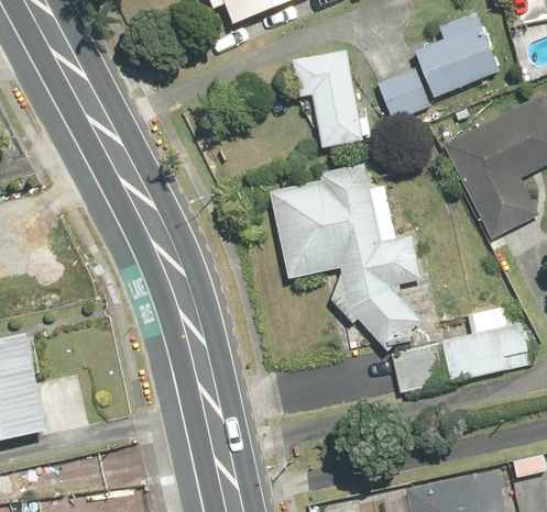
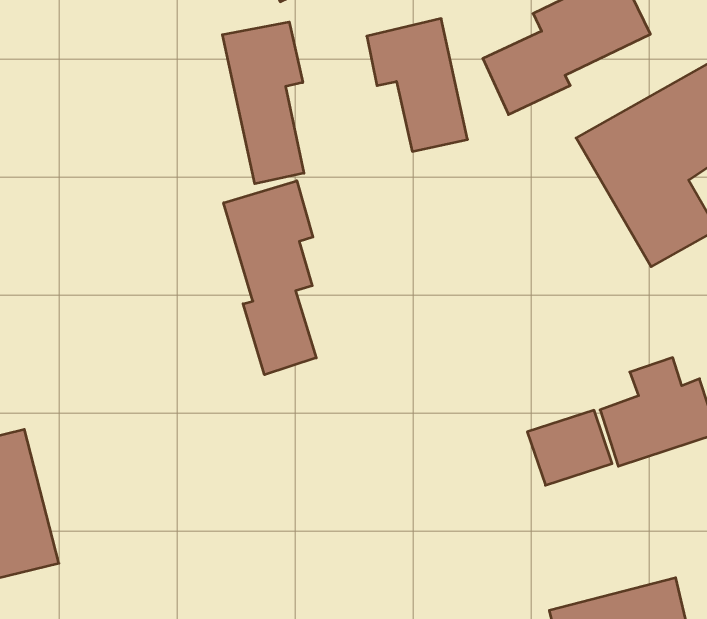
building: none -> [222,22,304,184]
building: [270,162,424,352] -> none
building: none -> [224,181,316,375]

